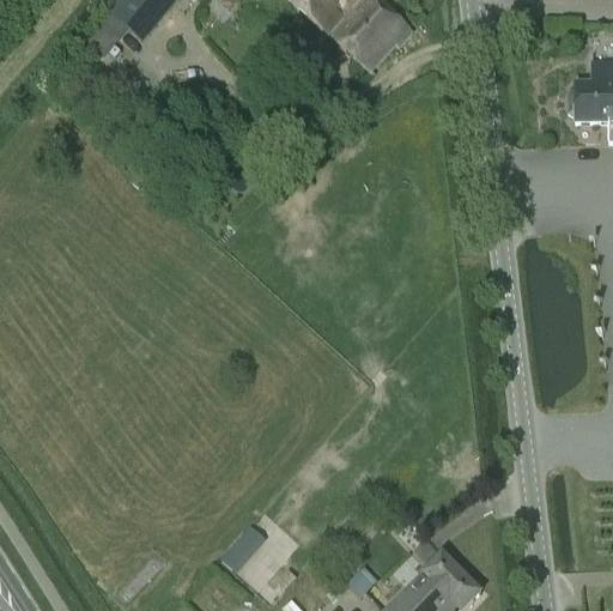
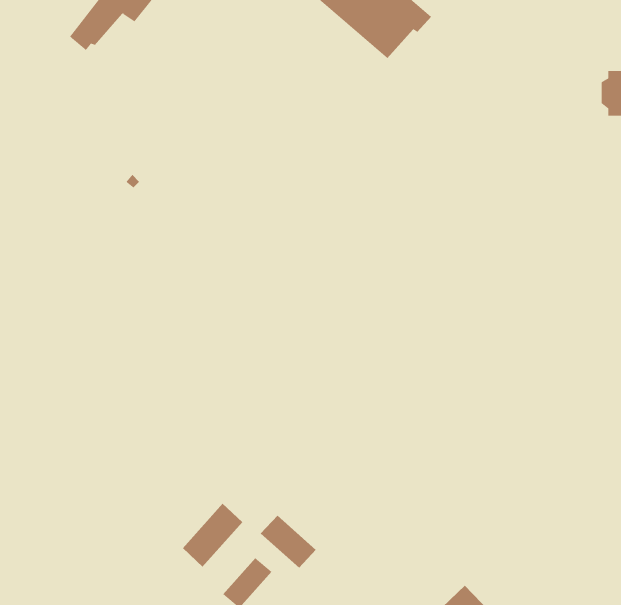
building: none -> [182,503,243,567]
building: none -> [260,515,317,569]

